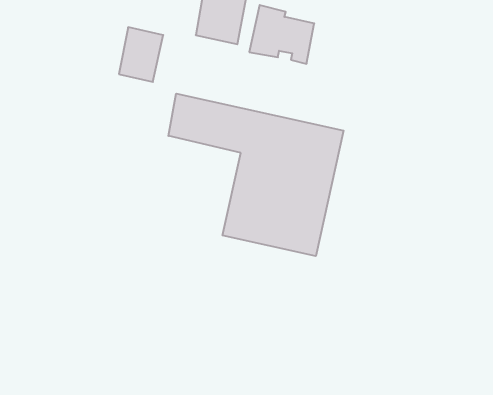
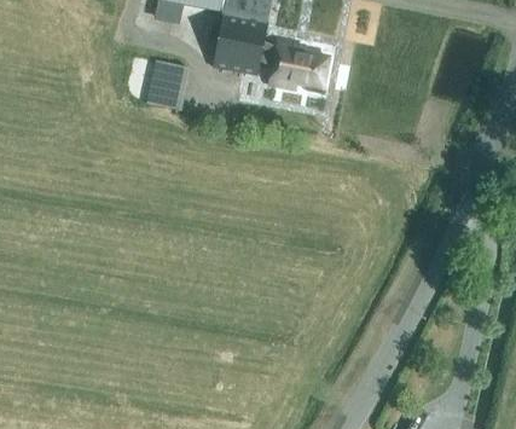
building: [168,94,344,256] -> none

